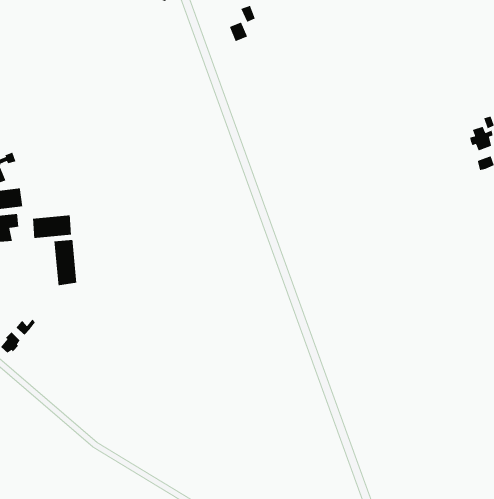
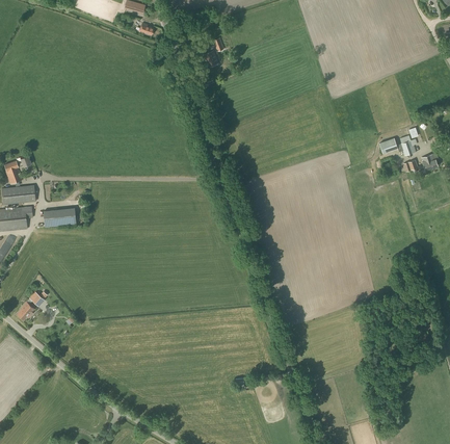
building: [53,239,77,286] -> none

